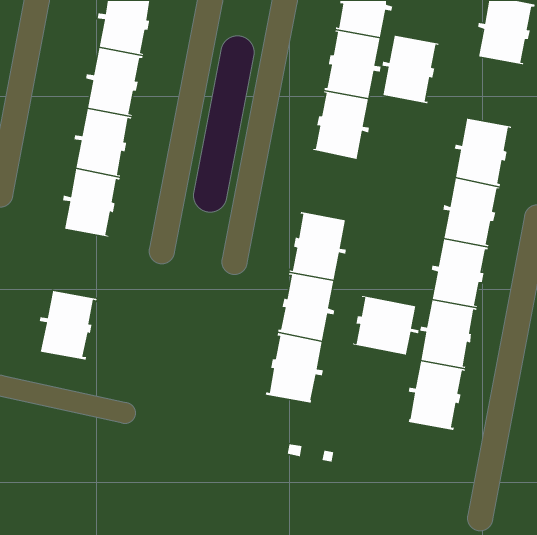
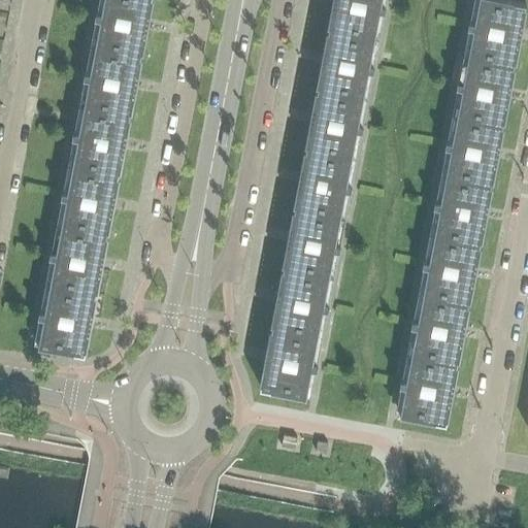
building: [381,35,439,104] -> [457,58,514,126]
building: none -> [295,150,352,218]
building: none -> [50,227,107,295]
building: [352,295,420,356] -> none

